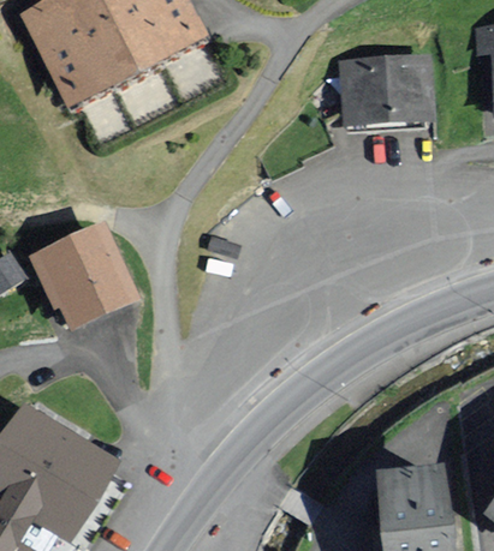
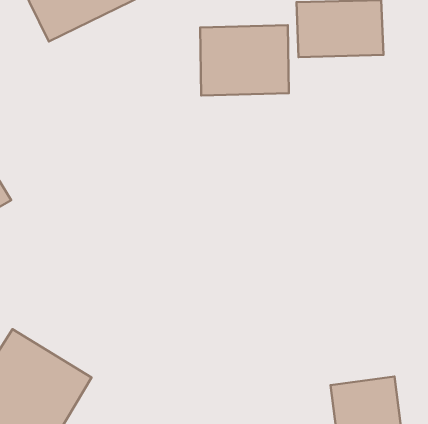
building: none -> [200,25,289,96]
building: [38,234,139,330] -> none

